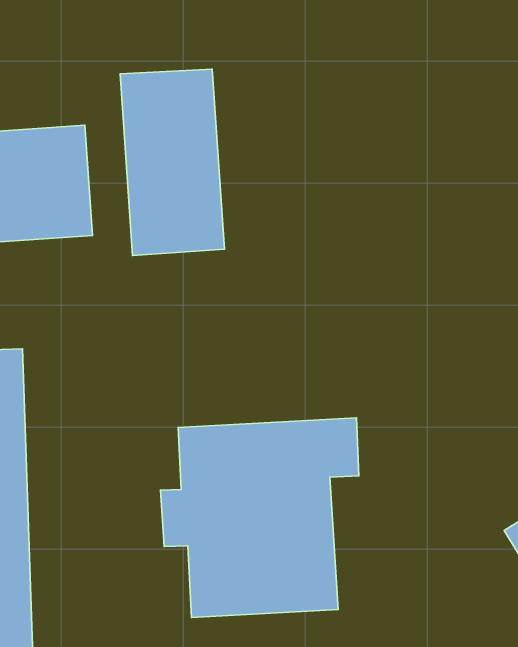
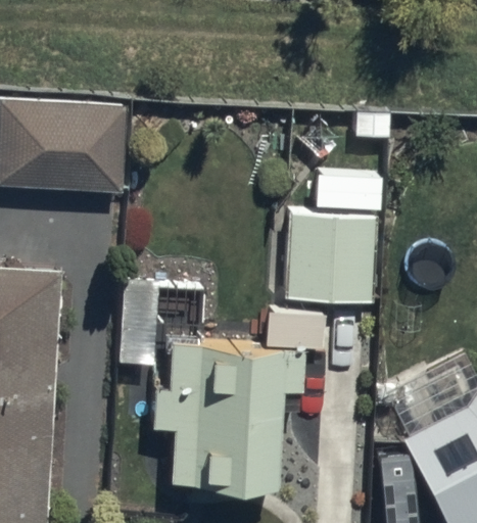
building: [120,69,225,255] -> none
building: none -> [285,217,375,305]

